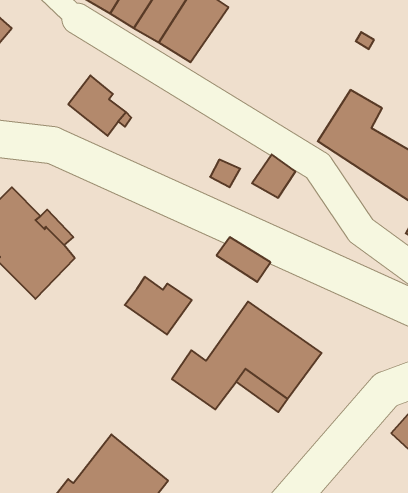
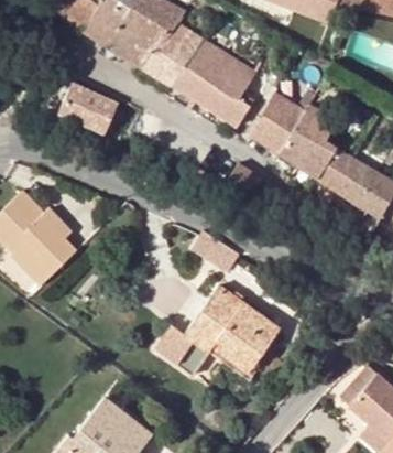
building: none -> [172,40,254,126]
building: none -> [252,87,315,152]
building: [125,277,192,335] -> none

